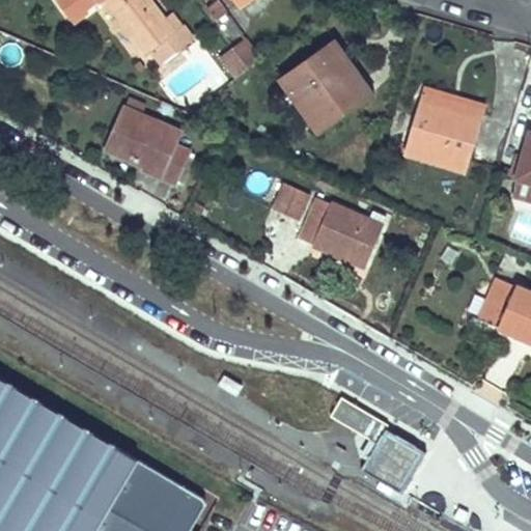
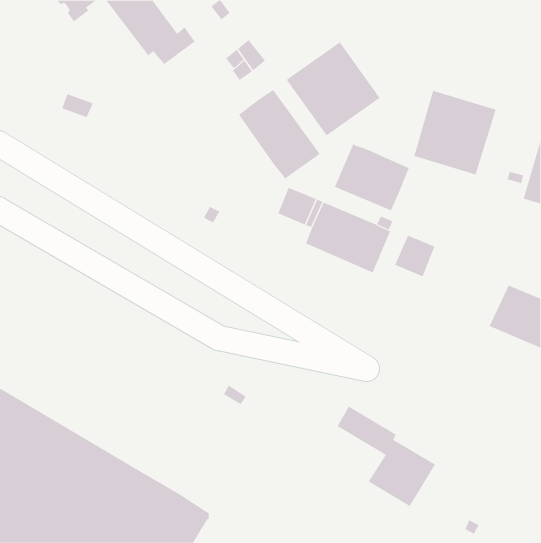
building: none -> [238,89,320,180]
building: [106,100,187,184] -> none
building: none -> [334,143,410,211]
building: none -> [395,235,435,277]

